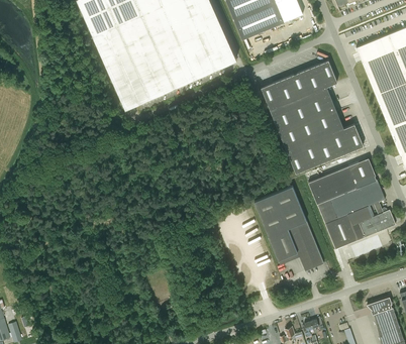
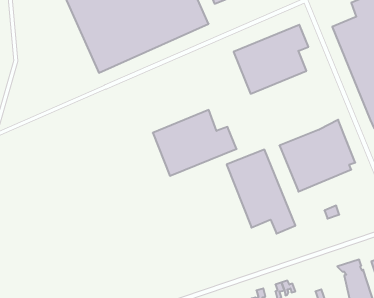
building: [279,107,364,174] -> [153,110,237,176]
building: [327,207,396,249] -> none

